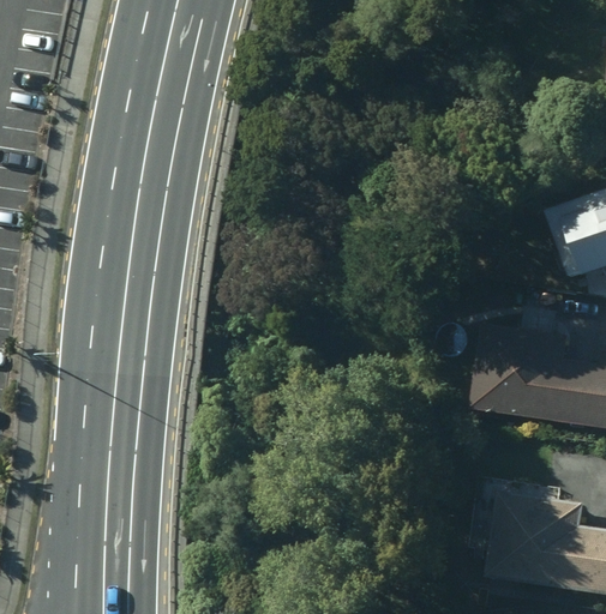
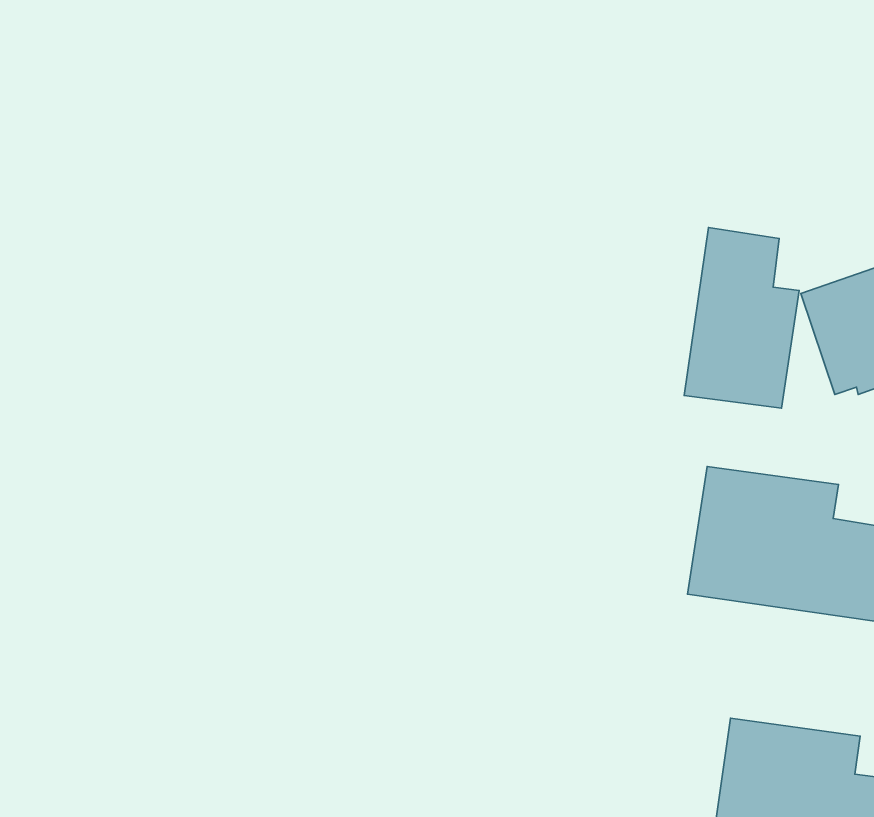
building: none -> [684,228,799,408]

